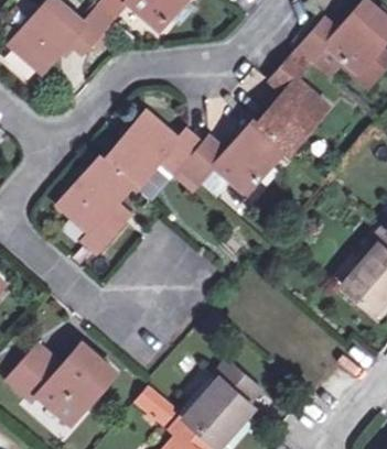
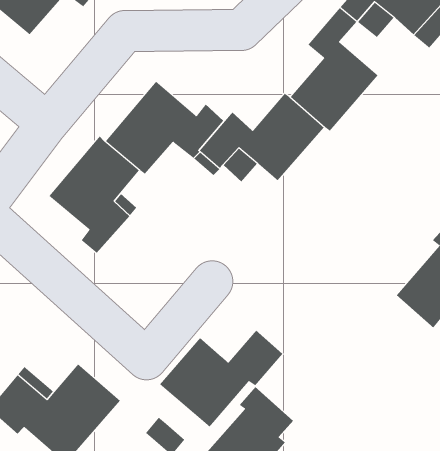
building: none -> [159,330,283,428]

